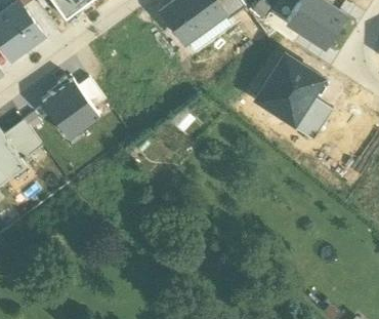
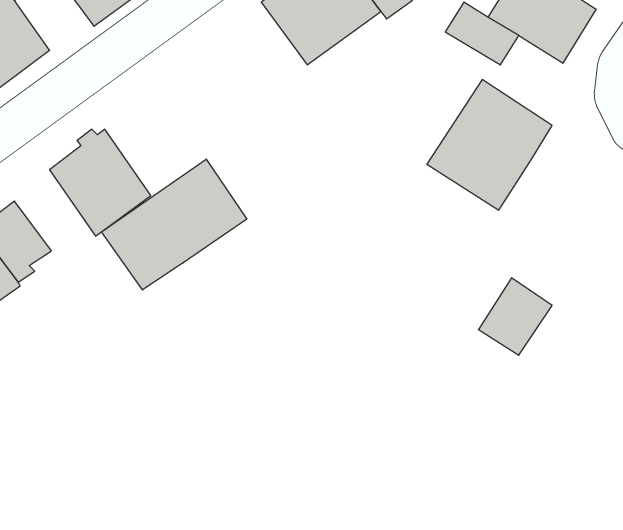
building: [293,95,334,138] -> [478,278,552,355]
building: none -> [102,159,247,290]

